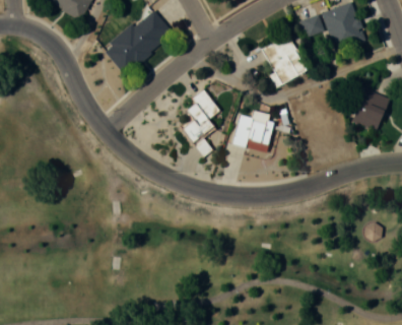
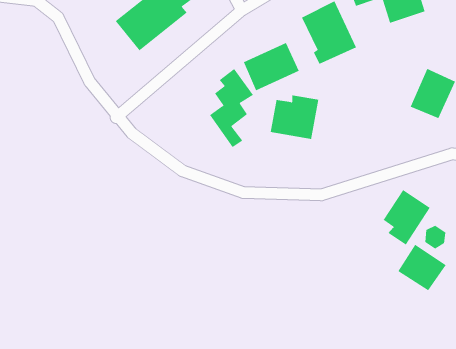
building: none -> [243,42,300,91]
building: none -> [383,189,431,245]
building: none -> [398,244,447,291]

